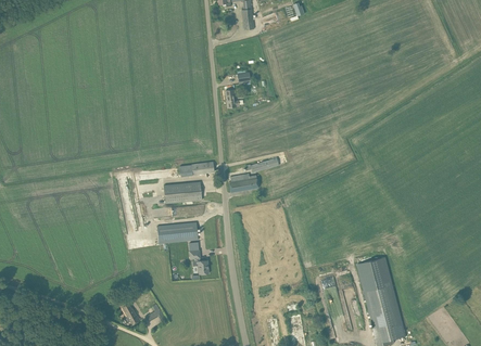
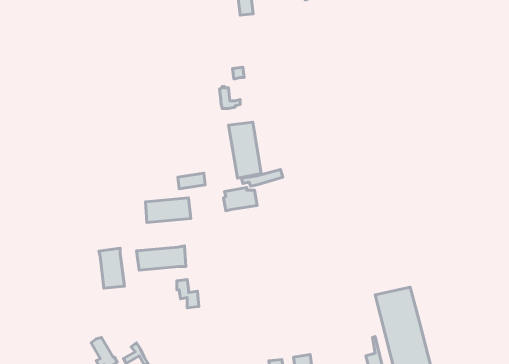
building: none -> [229,122,261,178]
building: none -> [99,248,124,288]

